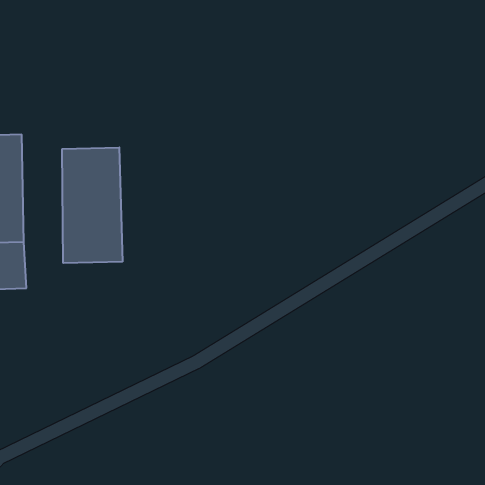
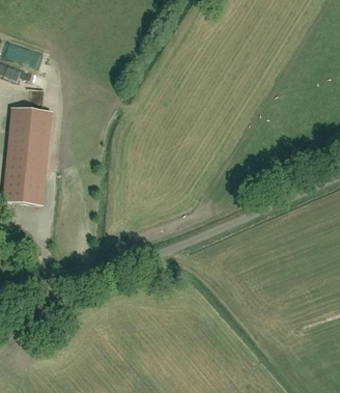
building: [62,147,122,263] -> none

